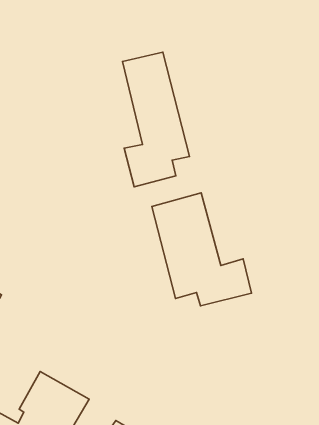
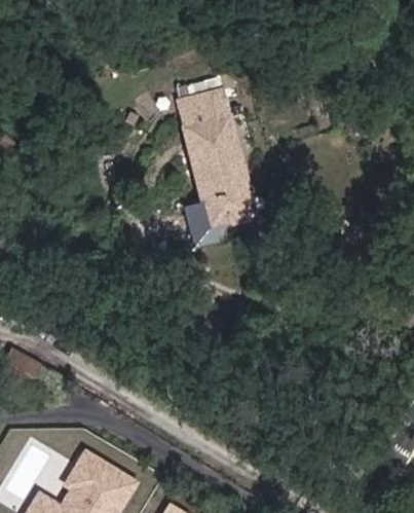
building: [152,193,252,306] -> none

